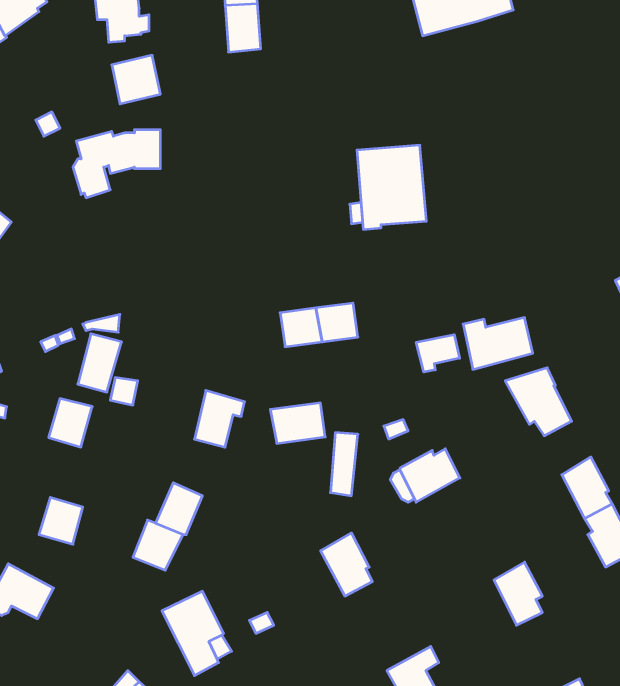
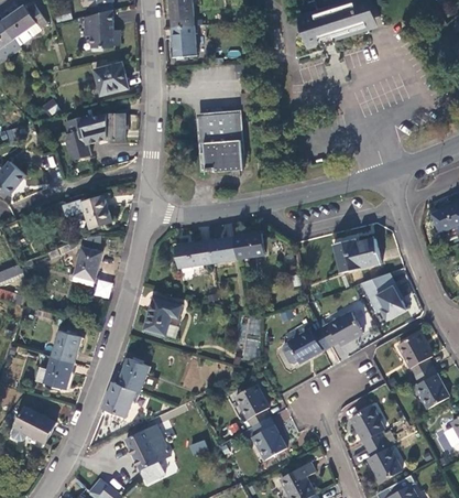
building: [357,145,426,229] -> [195,113,242,171]
building: none -> [62,191,109,224]
building: [416,335,460,372] -> none
building: [49,399,92,447] -> [51,335,80,368]
building: [270,403,325,443] -> [173,236,210,263]
building: none -> [319,312,362,348]
building: none -> [251,419,286,461]
building: none -> [368,440,402,481]

